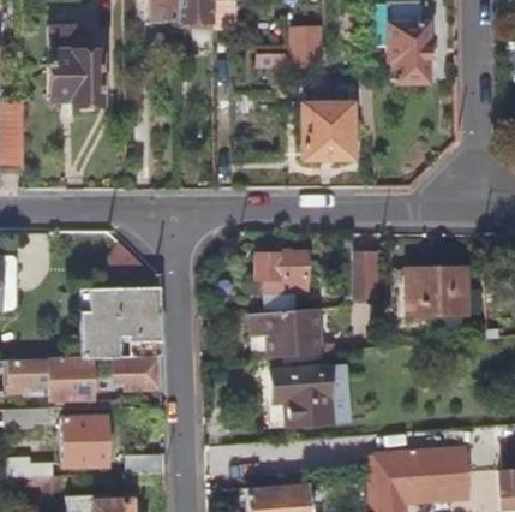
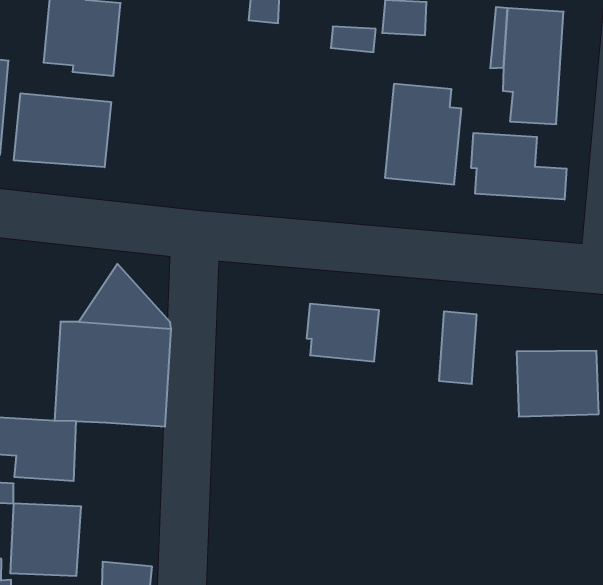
building: none -> [471,133,567,200]
building: none -> [14,93,111,167]
building: [252,309,321,358] -> none
building: [118,353,163,386] -> none
building: [267,367,347,429] -> none

